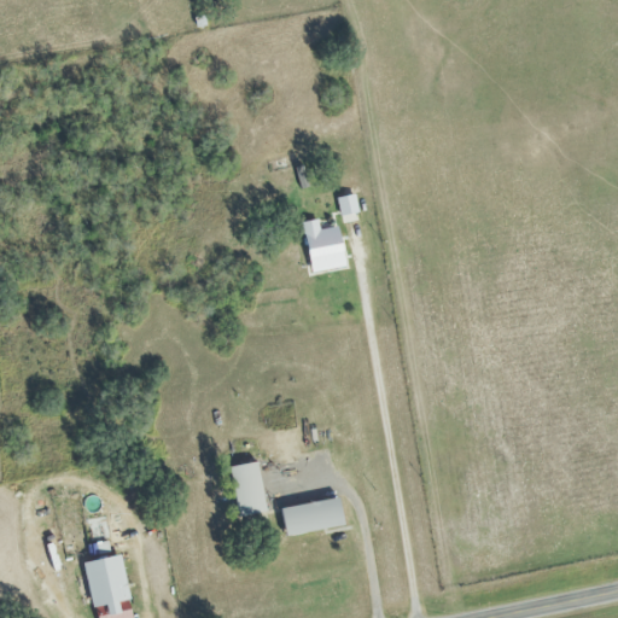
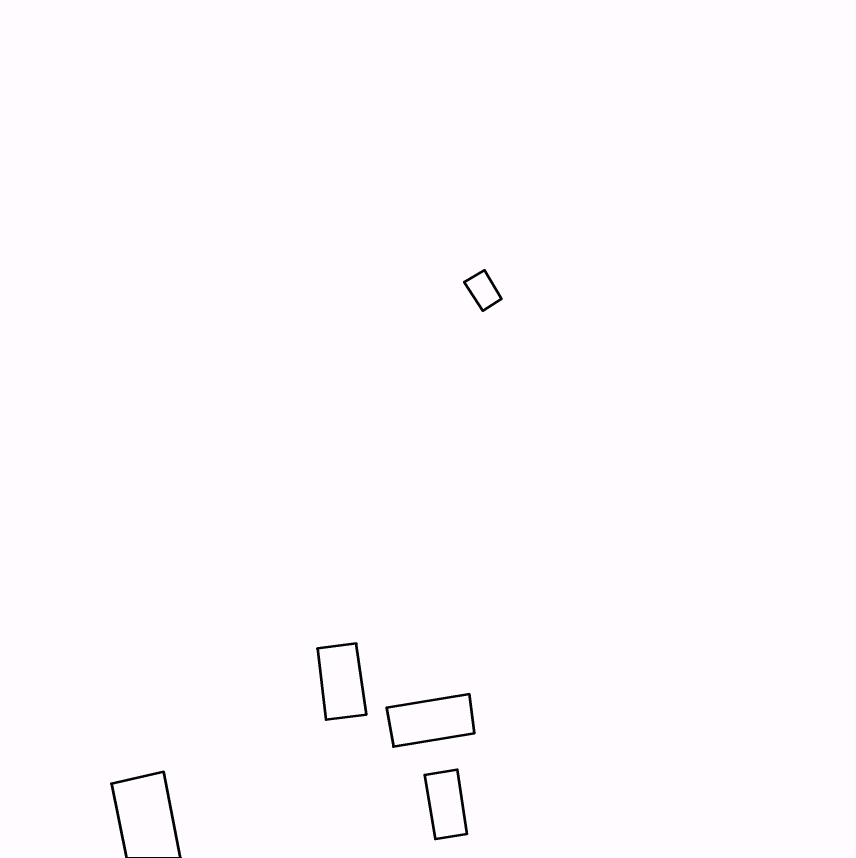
building: [303,218,346,274] -> none
building: none -> [425,770,467,839]

